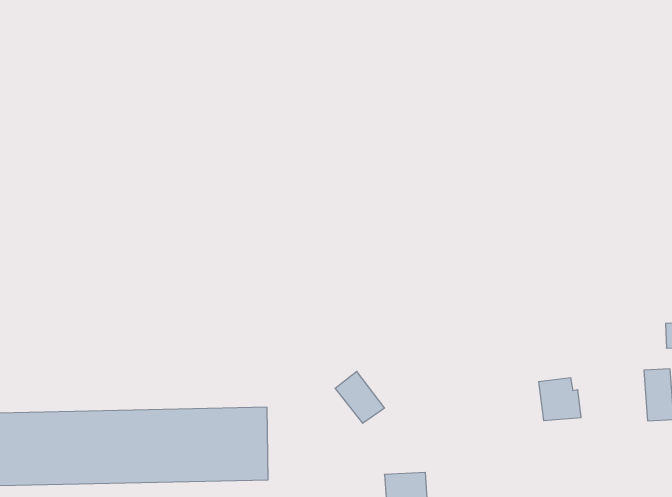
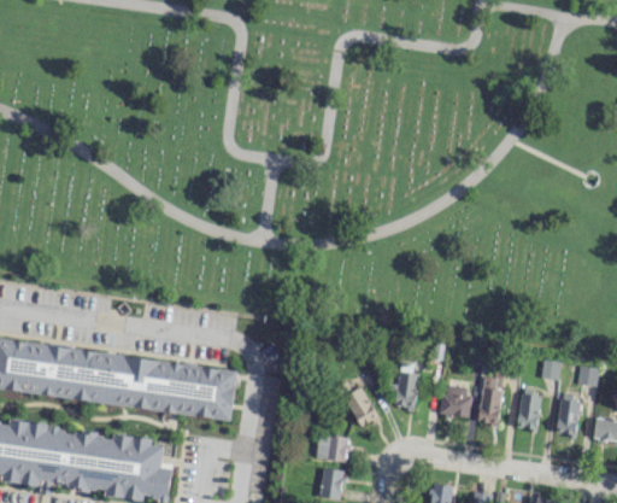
building: none -> [480,376,500,425]
building: none -> [396,364,417,408]
building: [335,371,385,423] -> [343,387,377,426]

